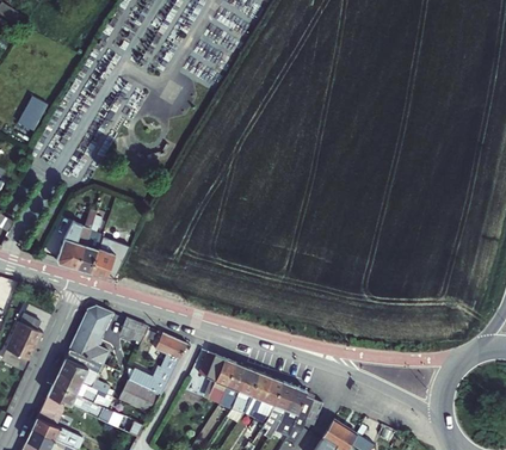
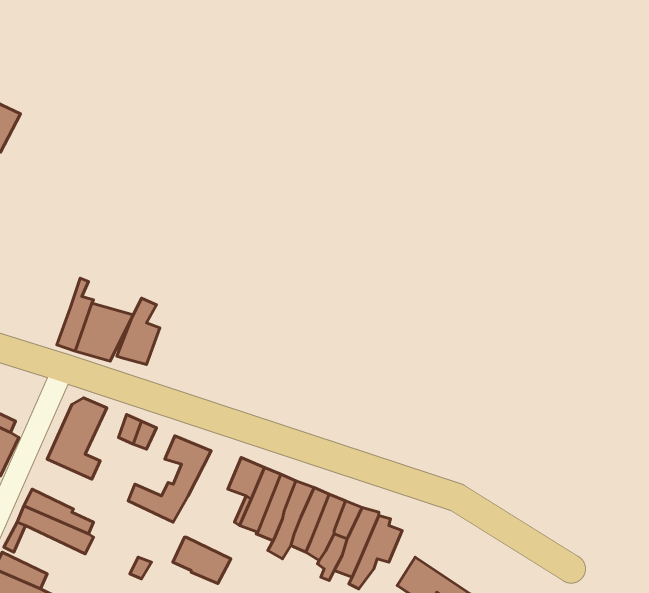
building: [54,221,85,269] -> [117,298,160,364]
building: [57,351,109,395] -> none
building: [117,381,159,414] -> [173,537,231,584]

